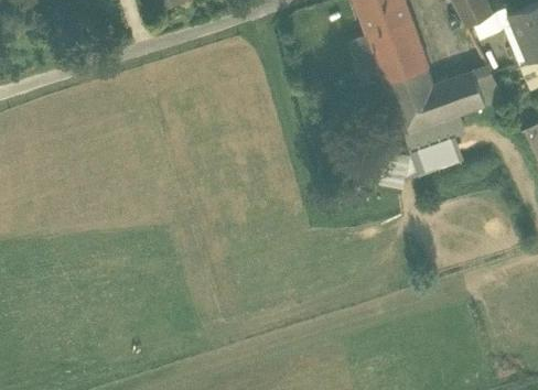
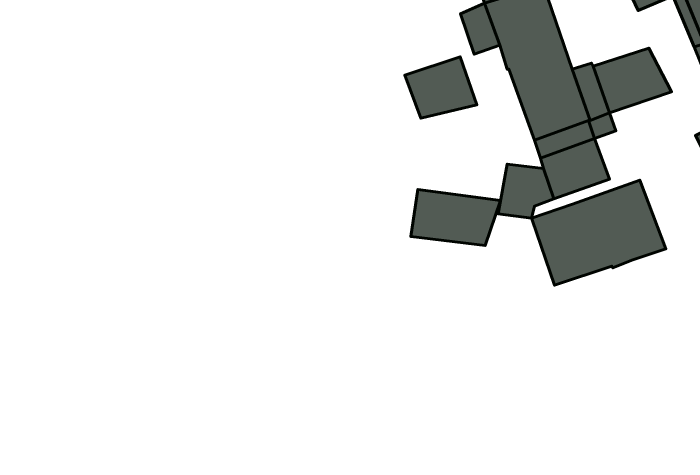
building: none -> [405,57,477,118]
building: none -> [531,180,666,285]
building: none -> [411,189,501,246]

